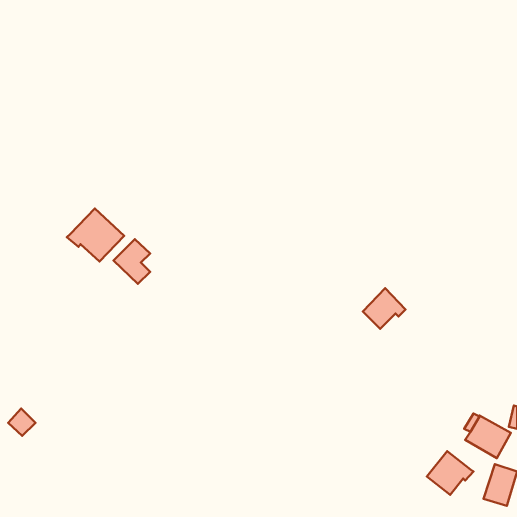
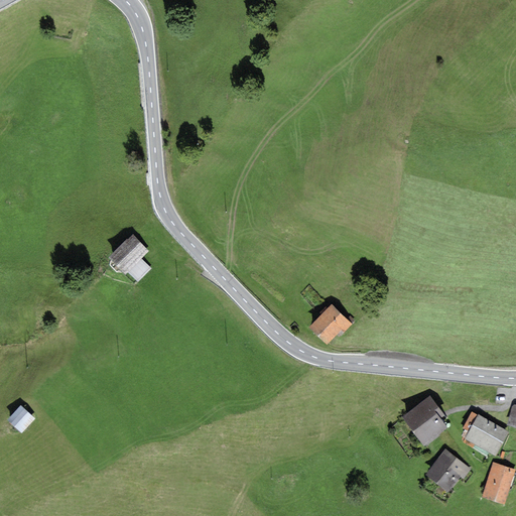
building: [67,209,124,262] -> none
building: [363,288,406,329] -> [308,303,351,344]
building: none -> [401,395,445,444]

